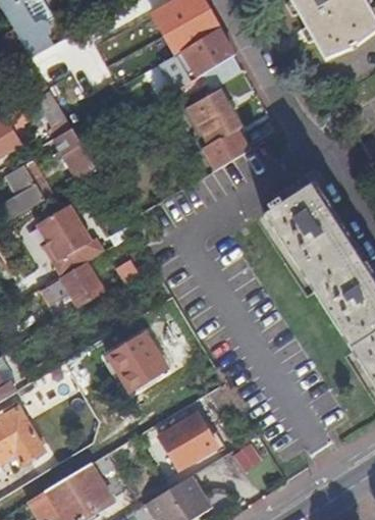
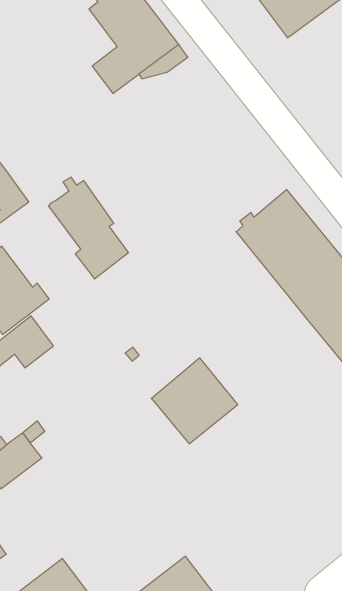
building: [186,84,248,169] -> [48,177,128,279]
building: [110,326,180,396] -> [151,358,238,444]
building: [160,414,215,466] -> none

